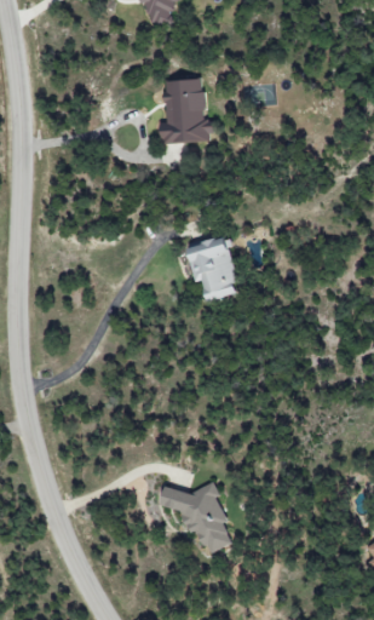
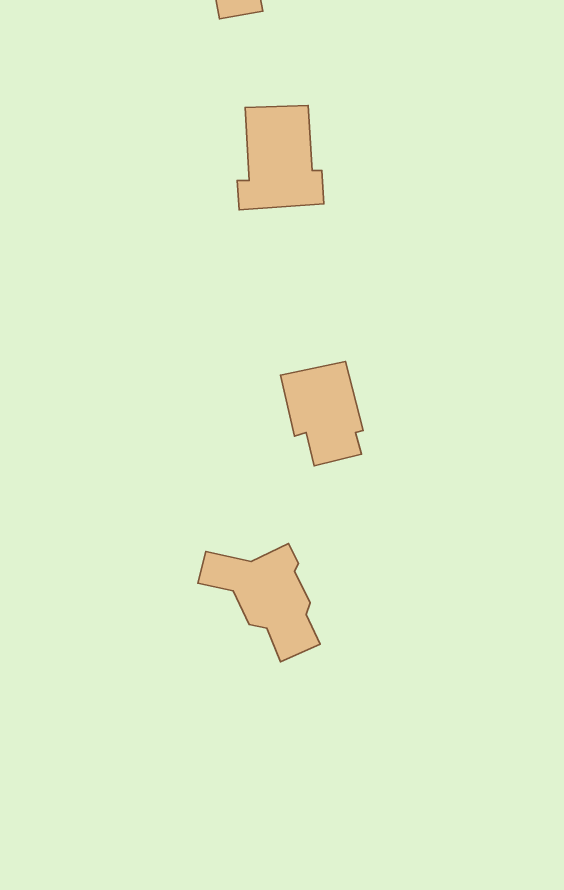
building: [157,482,232,555] -> [198,544,320,662]

